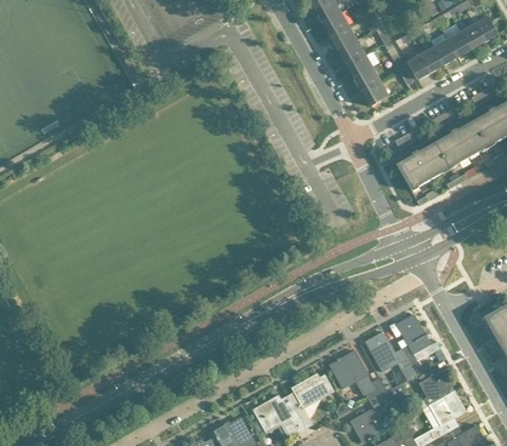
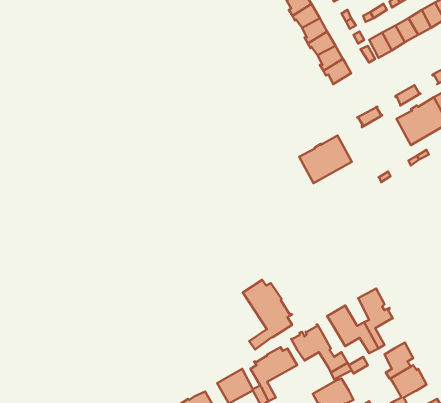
building: [395,142,449,190] -> [299,135,352,183]
building: none -> [243,280,292,349]

